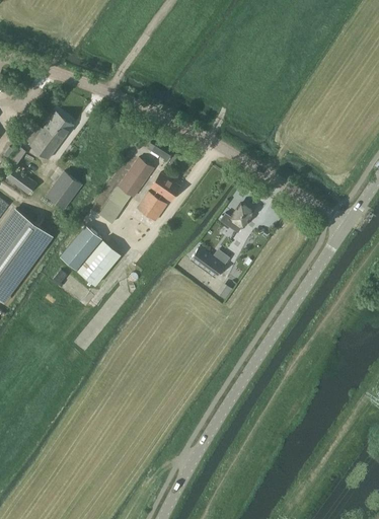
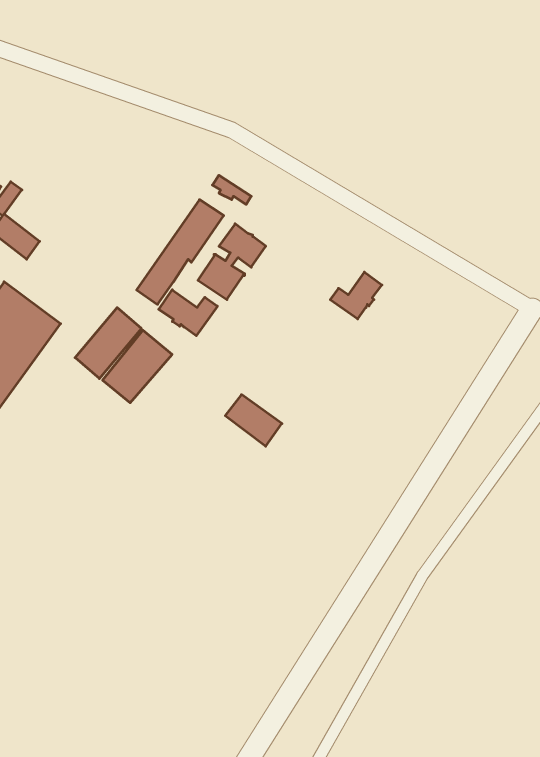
building: [22,112,73,160] -> none
building: [47,172,82,209] -> none
building: none -> [159,290,217,336]
building: [188,246,224,279] -> [225,395,282,446]

